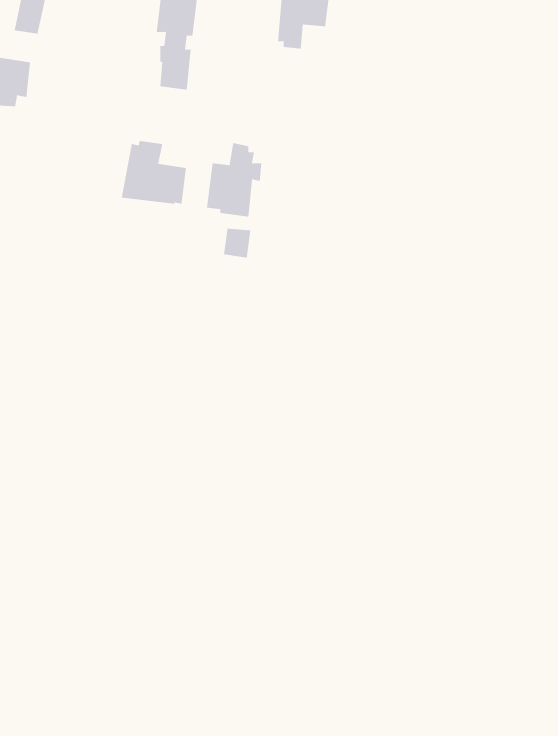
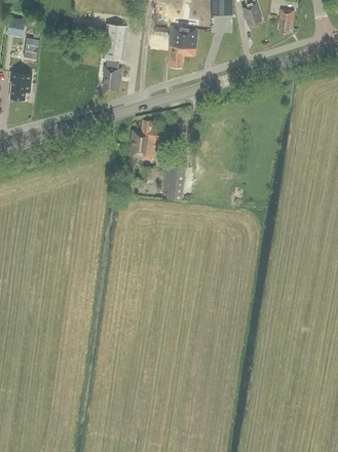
building: [121,140,187,205] -> none
building: none -> [166,165,185,200]

